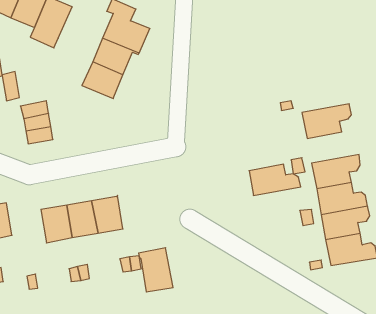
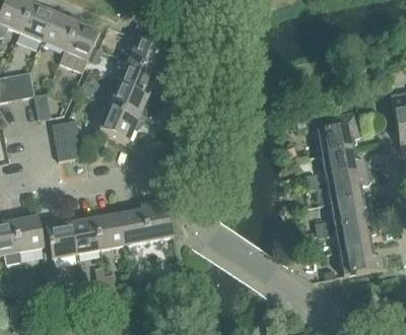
building: none -> [100,106,139,141]
building: [249,164,301,195] -> [322,149,370,179]
building: none -> [47,222,76,258]
building: [139,248,173,292] -> [141,199,174,241]

